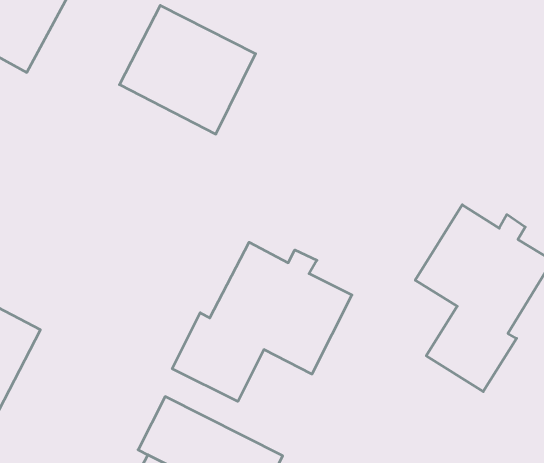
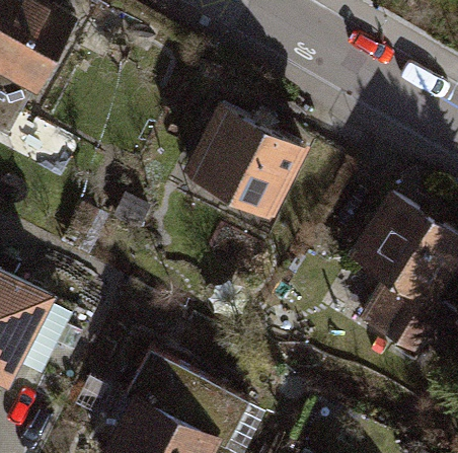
building: [119,5,256,134] -> [187,108,299,214]
building: [172,242,352,401] -> none

